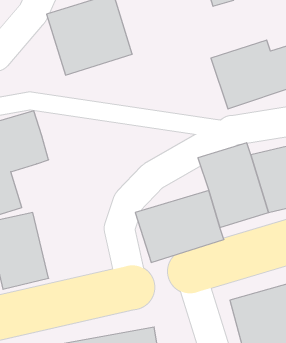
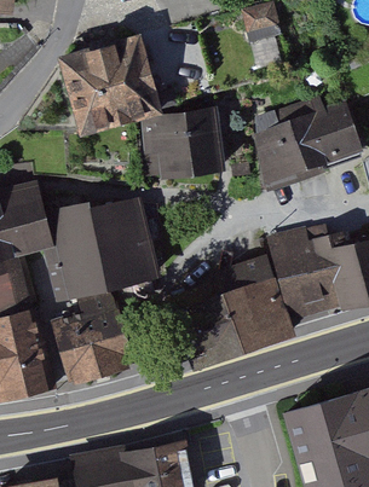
building: none -> [152,115,223,185]
building: none -> [47,192,157,301]
building: none -> [59,301,144,382]

